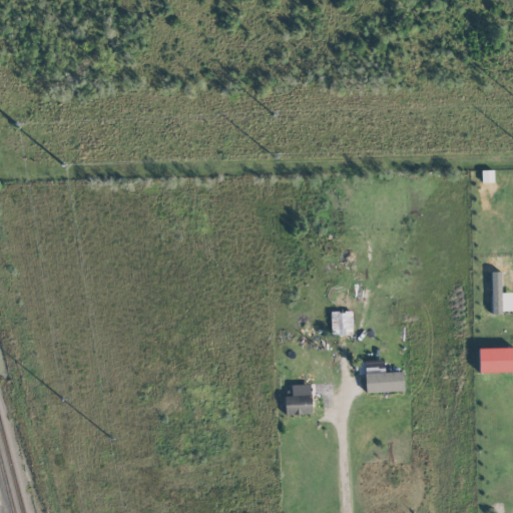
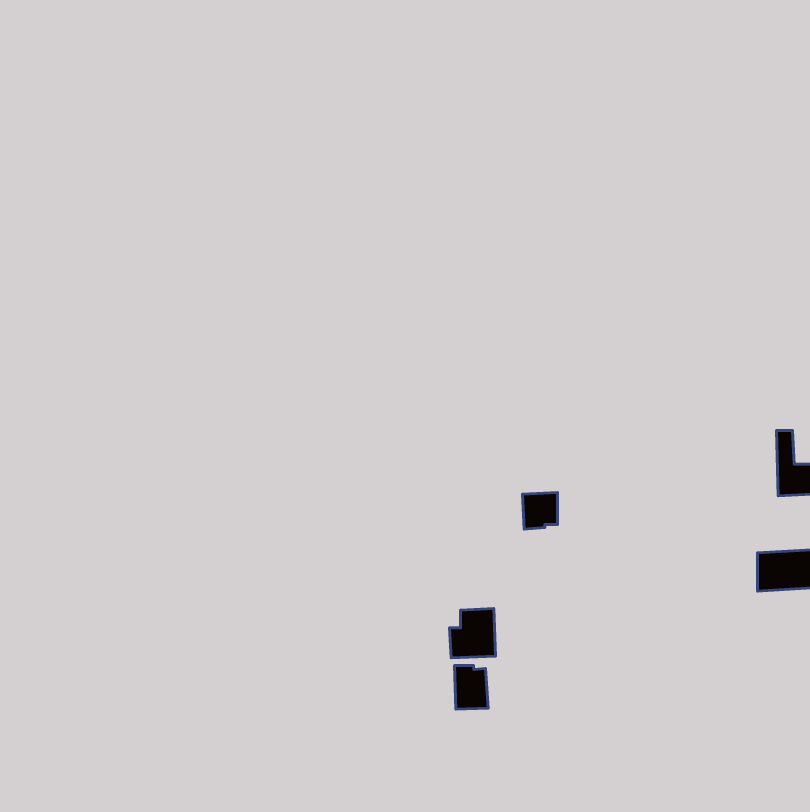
building: [365,362,404,392] -> none
building: none -> [454,665,488,709]

